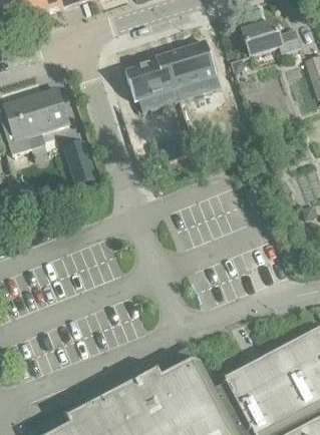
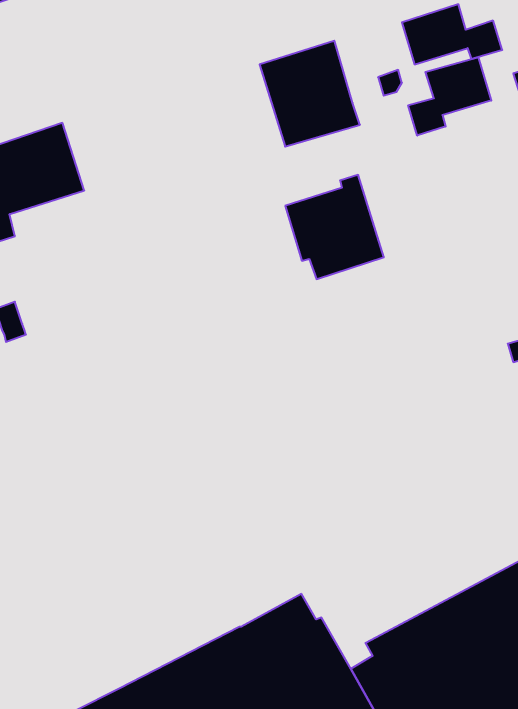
building: none -> [408,57,491,136]
building: [125,56,180,113] -> [285,175,384,279]
building: [64,143,95,185] -> none

